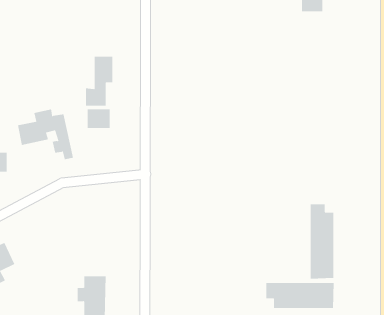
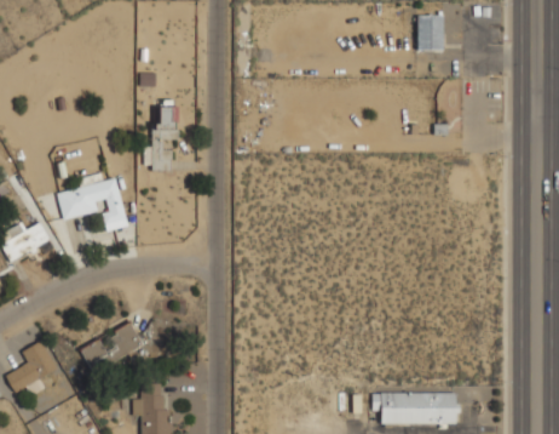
building: [87,109,110,129] -> none
building: [310,203,334,280] -> none
building: none -> [80,322,143,372]

